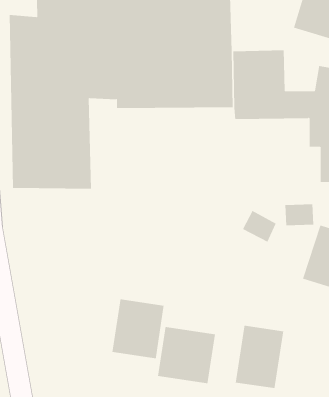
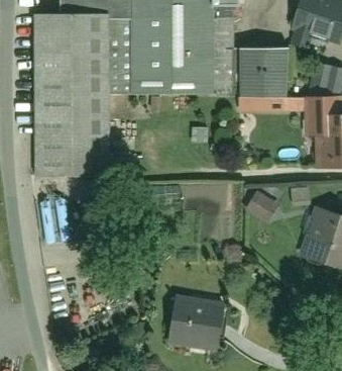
building: [112,299,164,359] -> none
building: [235,325,284,389] -> none

